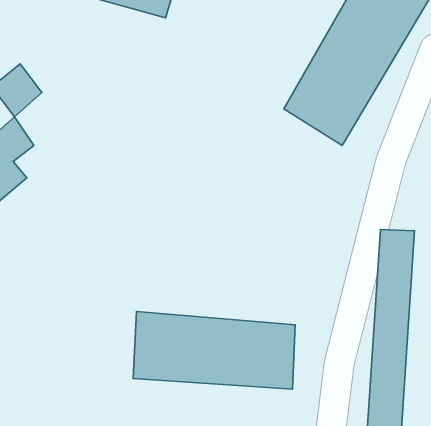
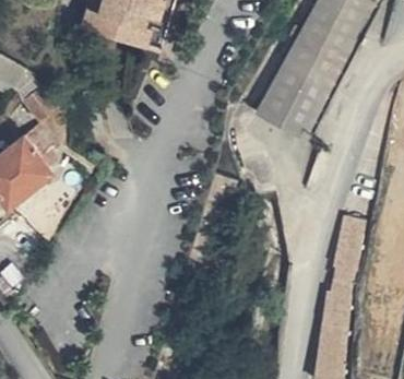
building: [133,312,295,389] -> none

